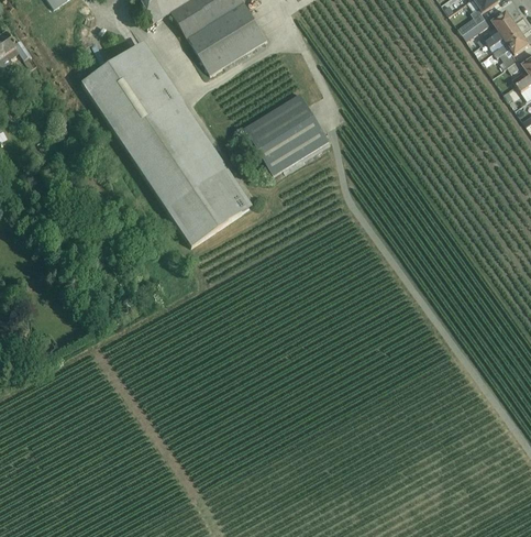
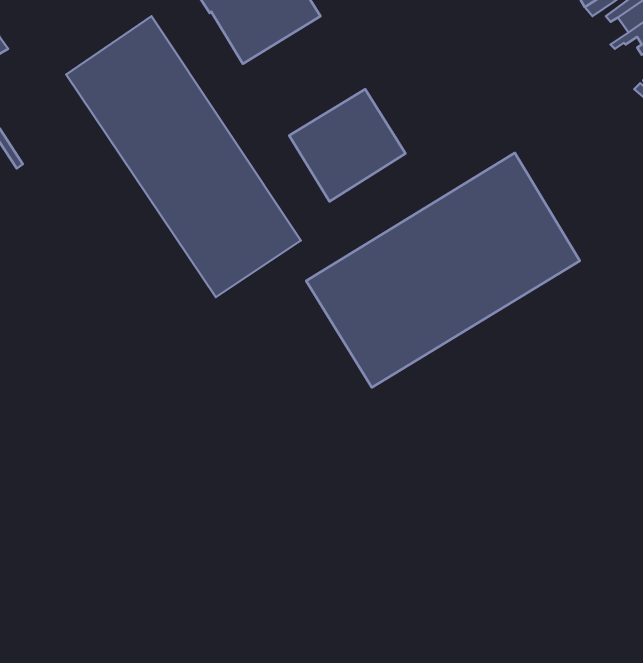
building: none -> [306,153,580,388]

